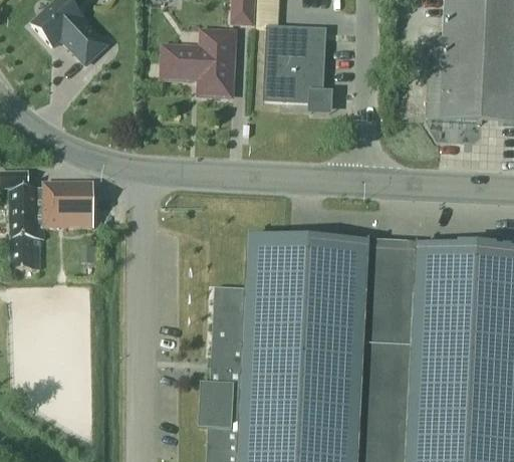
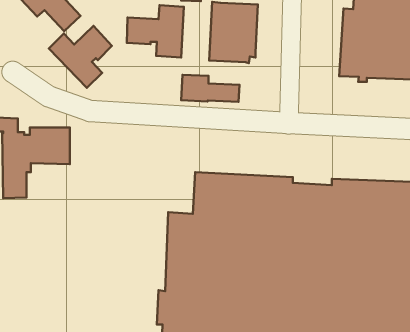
building: none -> [49,26,112,88]
building: none -> [181,75,240,102]

